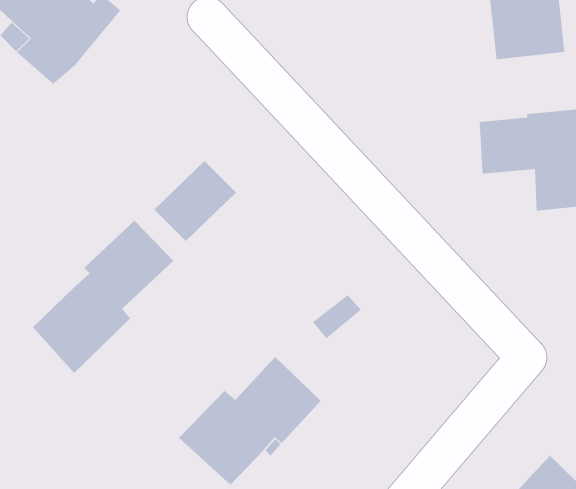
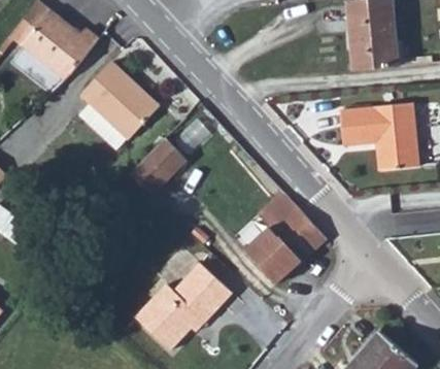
building: none -> [80,56,158,136]
building: [32,220,174,374] -> none
building: none -> [258,190,329,286]

